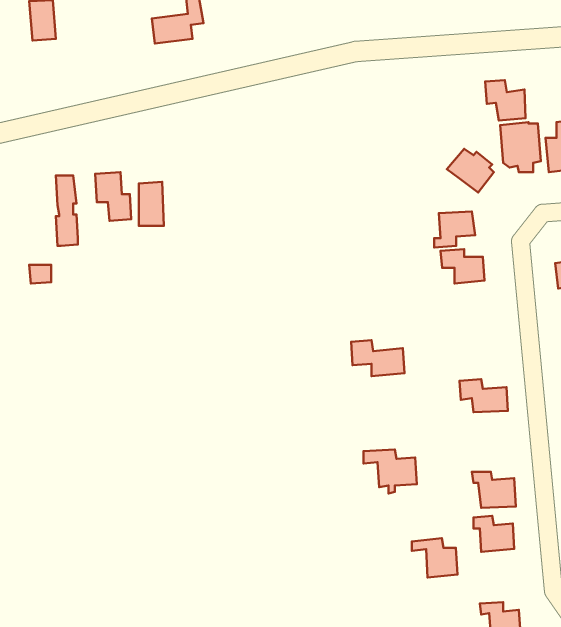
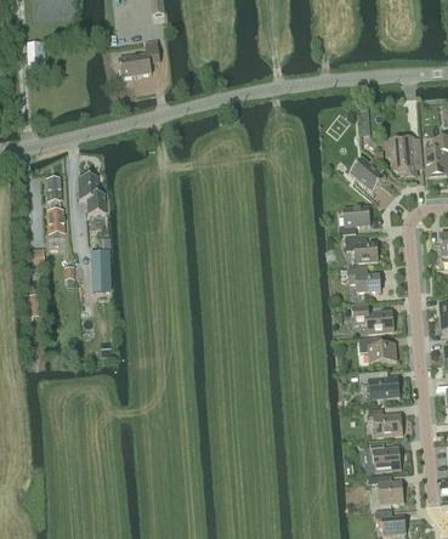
building: [485,80,525,120] -> none
building: [139,182,164,226] -> [90,249,109,283]
building: none -> [346,266,381,291]
building: [351,340,404,376] -> [352,303,393,331]
building: [363,449,417,493] -> [358,369,399,403]
building: [412,538,457,578] -> [368,472,403,503]

